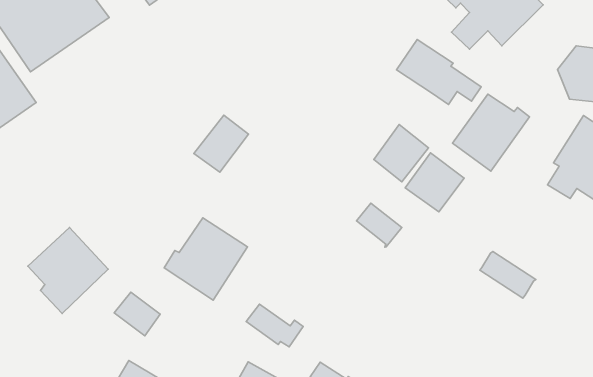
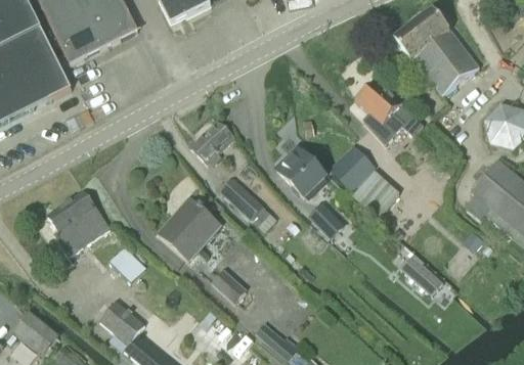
building: [453,94,530,171] -> none
building: none -> [275,147,324,196]
building: none -> [220,177,277,232]

